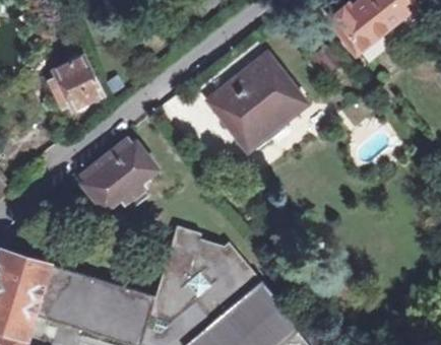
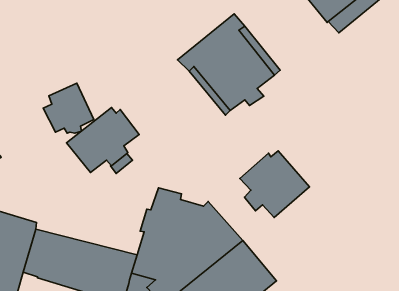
building: [47,56,101,109] -> [43,83,94,133]
building: none -> [240,151,310,217]

